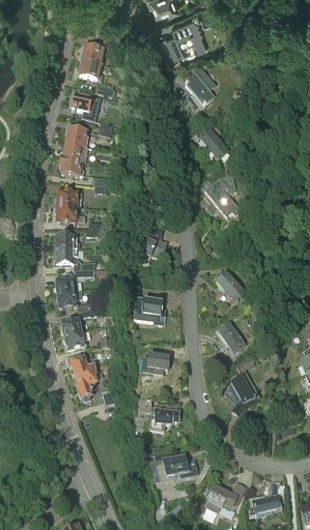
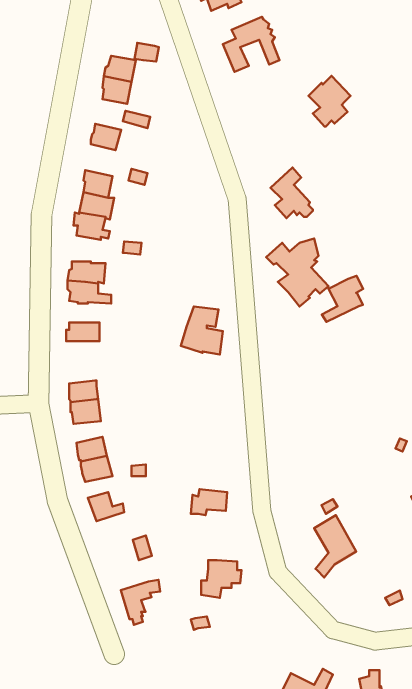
building: [185,69,215,106] -> [308,76,350,126]
building: none -> [322,276,363,322]
building: [53,248,109,270] -> none
building: [215,270,245,306] -> none
building: [122,285,164,323] -> none
building: [218,323,245,361] -> none
building: [75,370,103,402] -> [121,580,160,625]
building: [156,453,197,478] -> none

